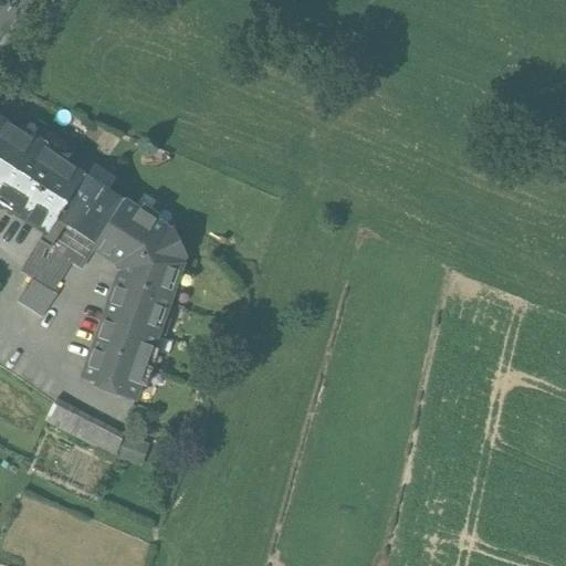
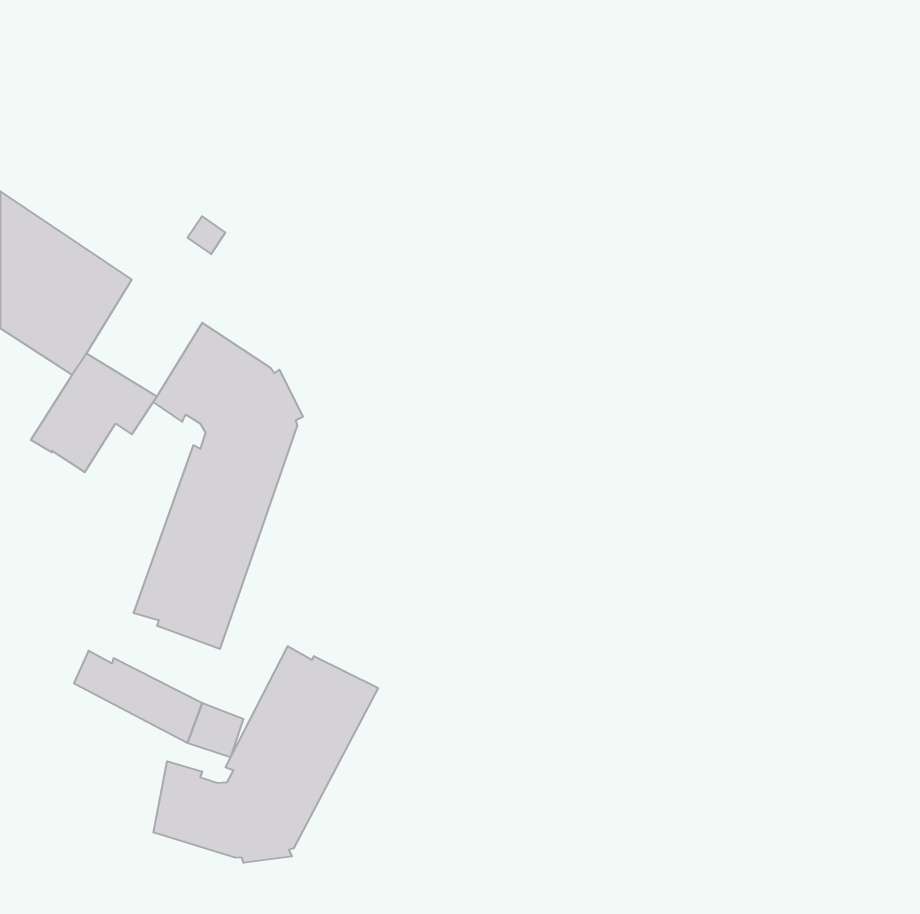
building: [54,171,125,243] -> none
building: [19,276,59,315] -> none
building: none -> [153,646,378,863]

